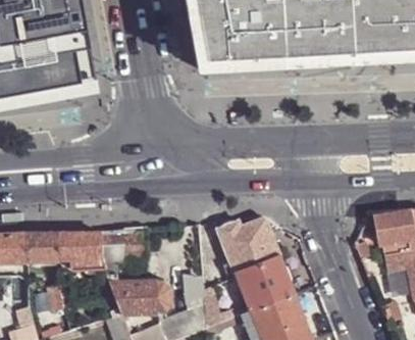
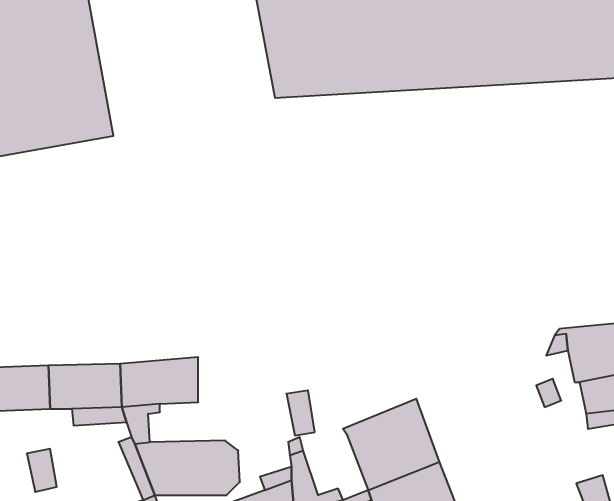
building: [218,216,282,274] -> none

